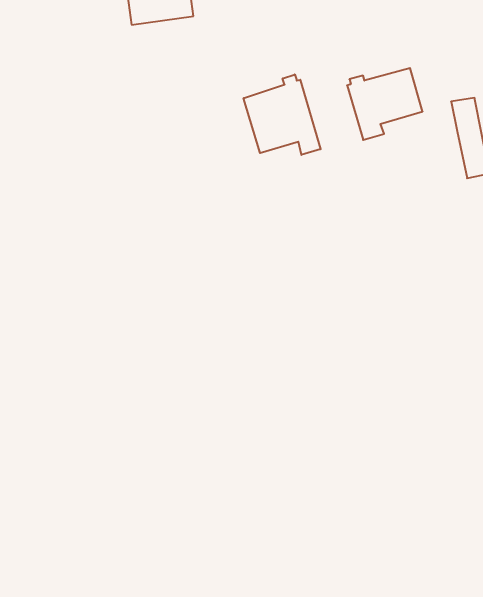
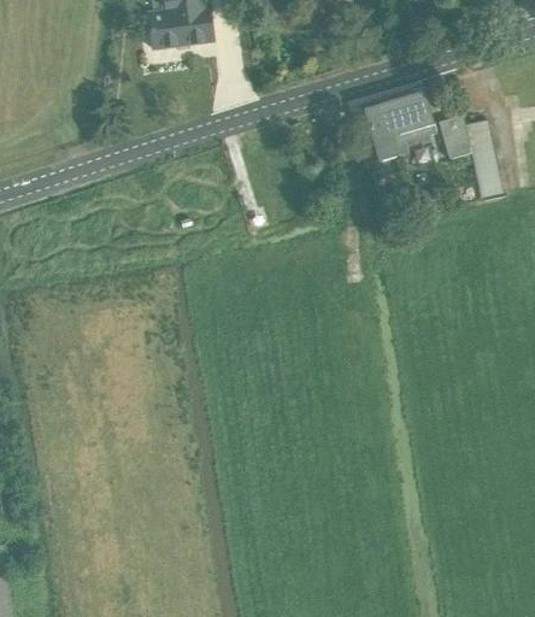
building: [244,74,321,155] -> none
building: none -> [439,116,471,159]

